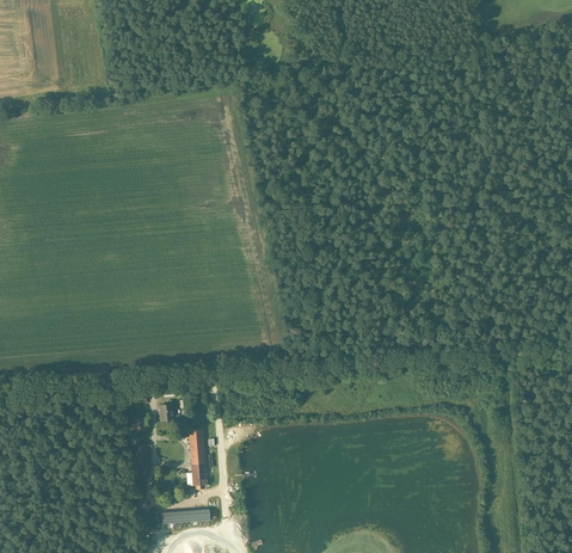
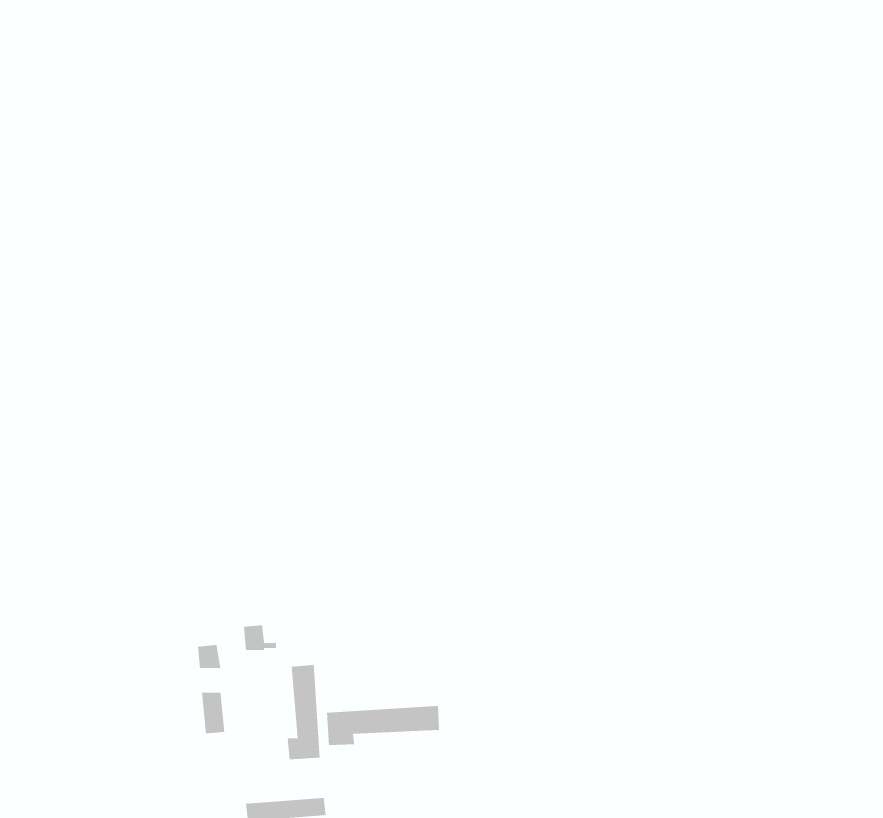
building: none -> [326,705,439,746]

